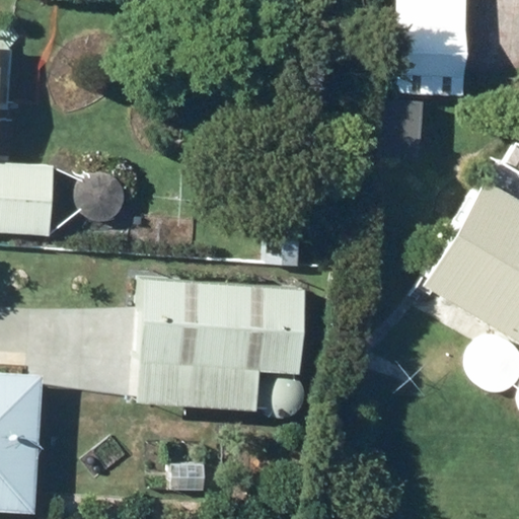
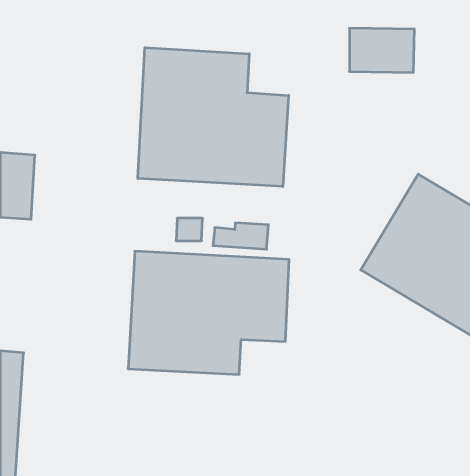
building: none -> [138,48,289,187]

